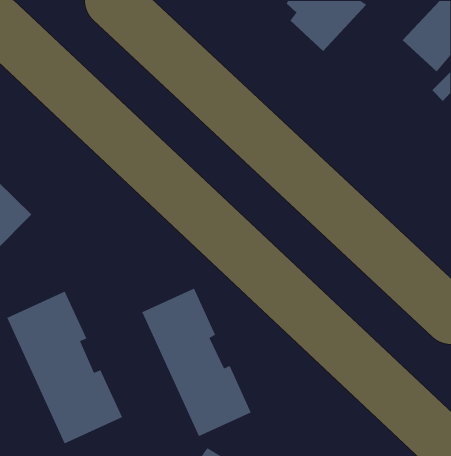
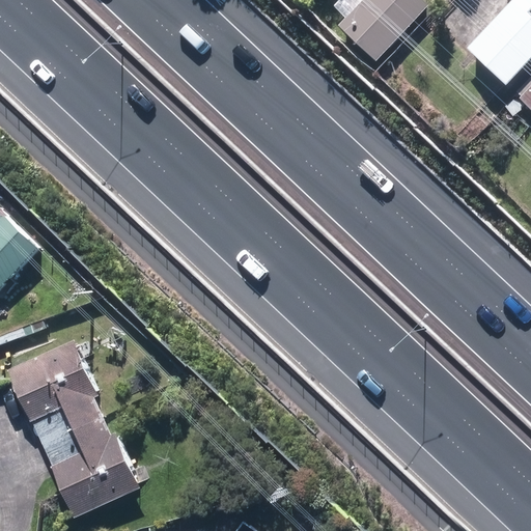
building: [141,287,252,437] -> none

